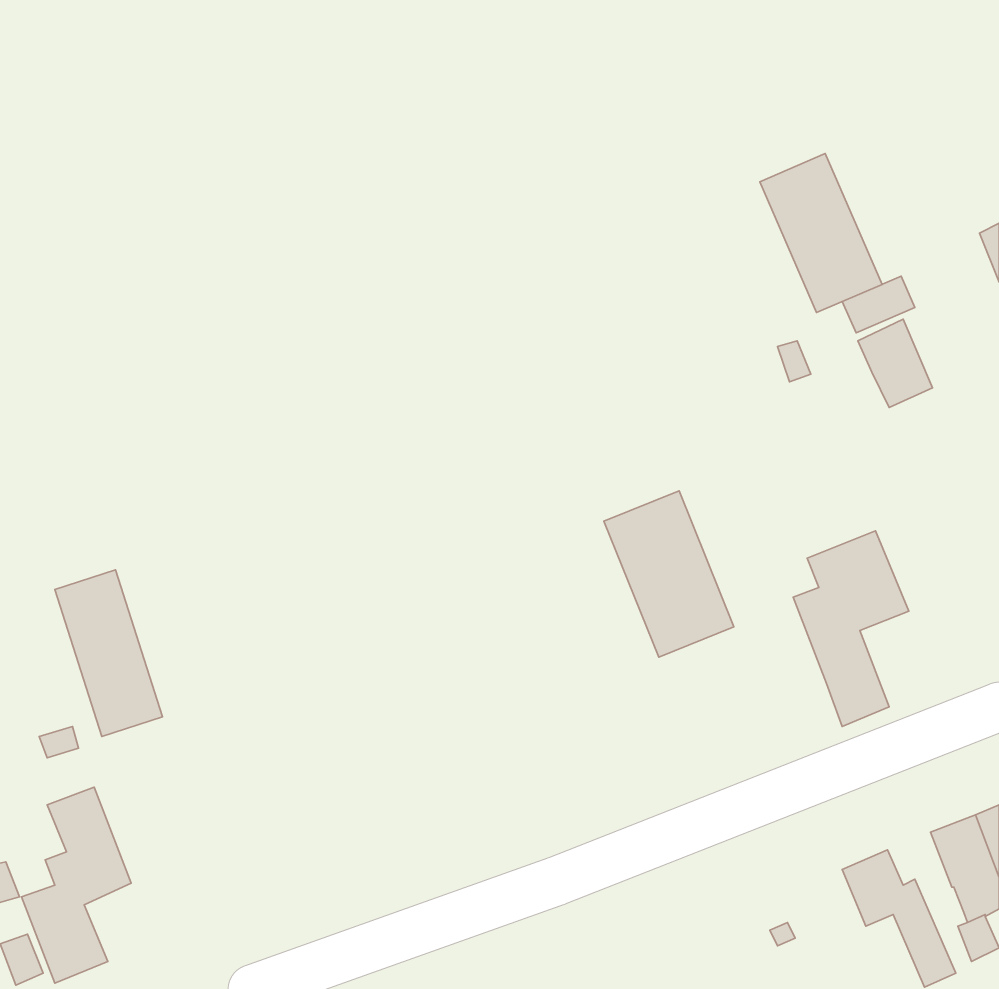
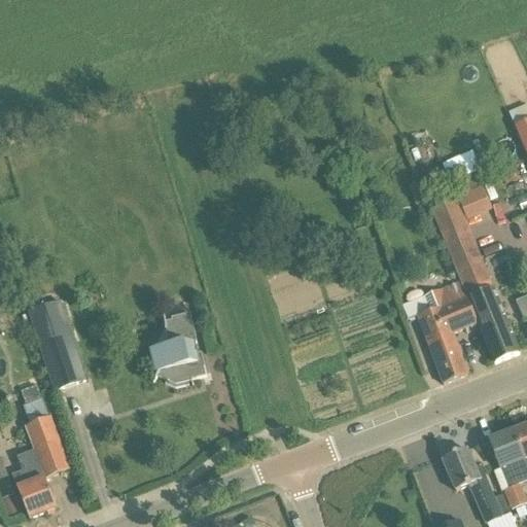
building: [760,154,882,313] -> none
building: none -> [429,190,519,360]
building: [604,491,734,657] -> none
building: none -> [151,311,205,385]

